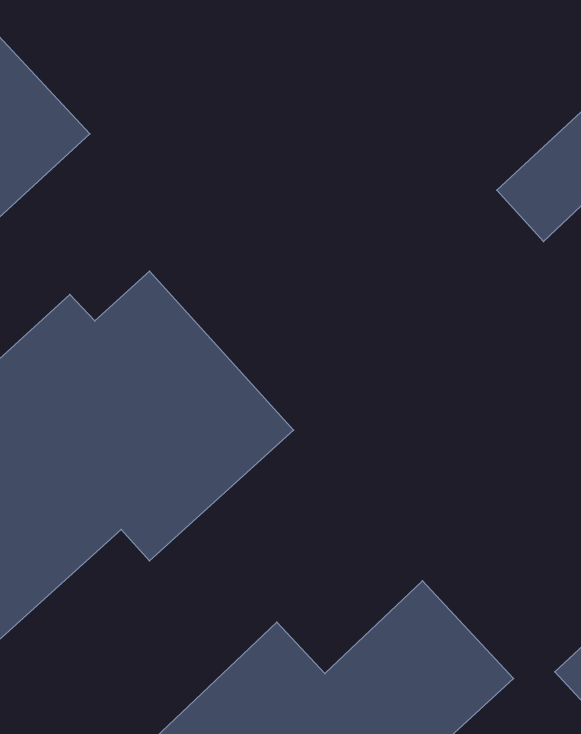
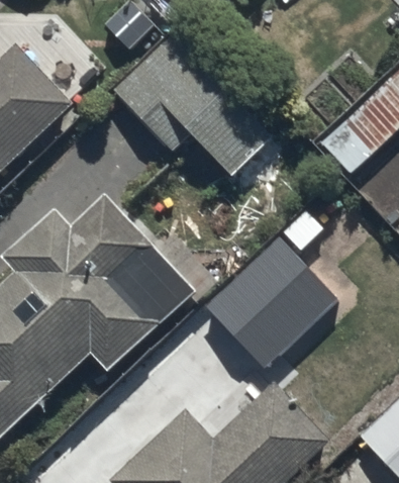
building: none -> [110,33,269,175]
building: none -> [207,211,338,368]

